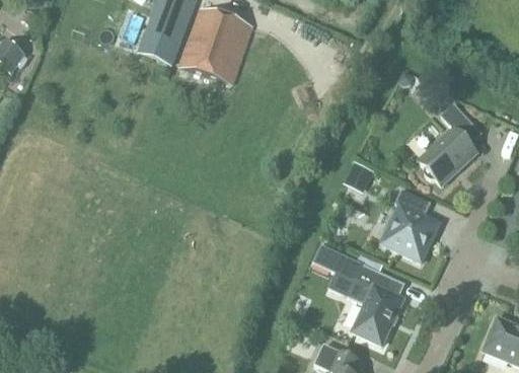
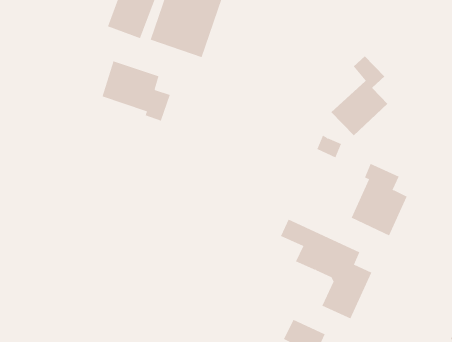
building: none -> [102,61,170,122]
building: [419,102,476,183] -> [330,55,388,136]

